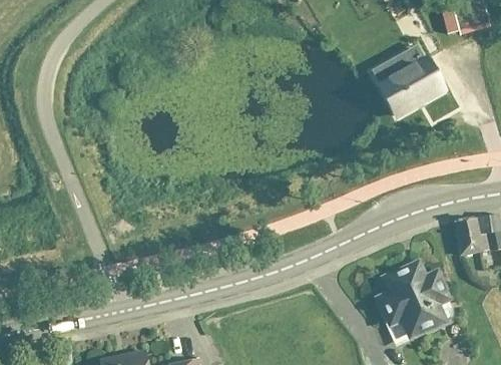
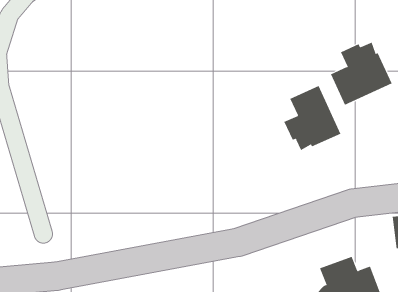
building: none -> [284,85,341,151]

